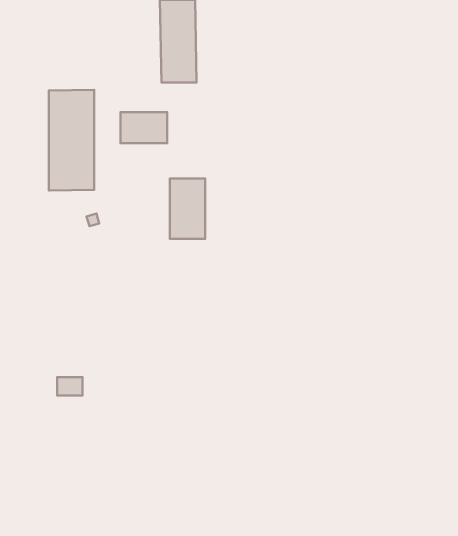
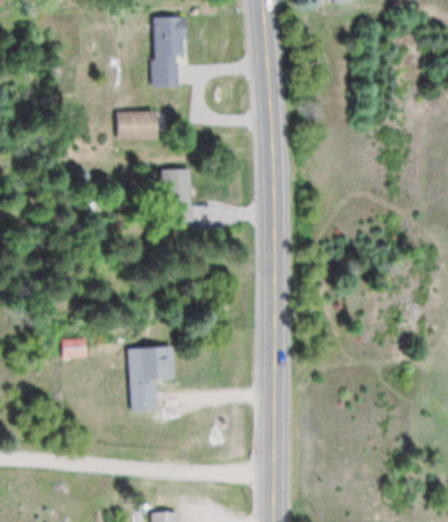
building: [49,90,94,190] -> none
building: none -> [127,346,174,412]

